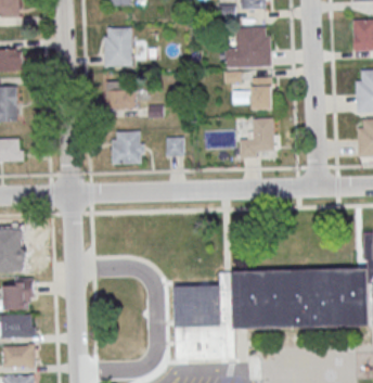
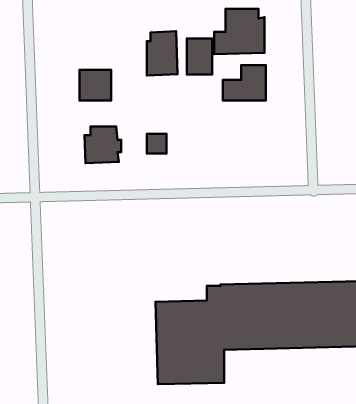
building: [104,27,131,66] -> [147,31,177,75]
building: none -> [187,38,212,74]
building: [239,117,272,157] -> none

